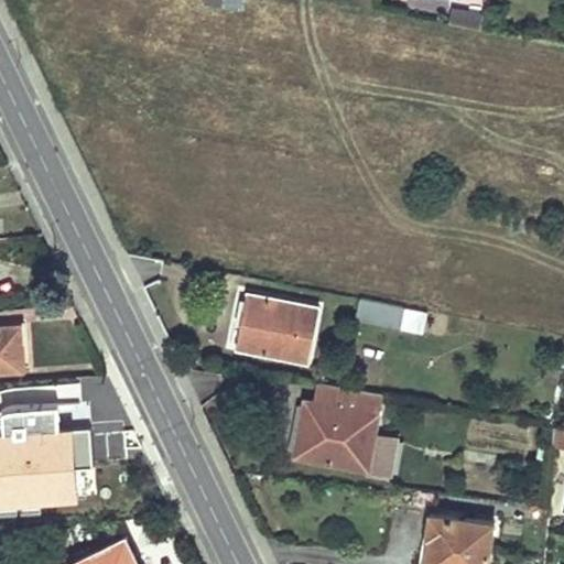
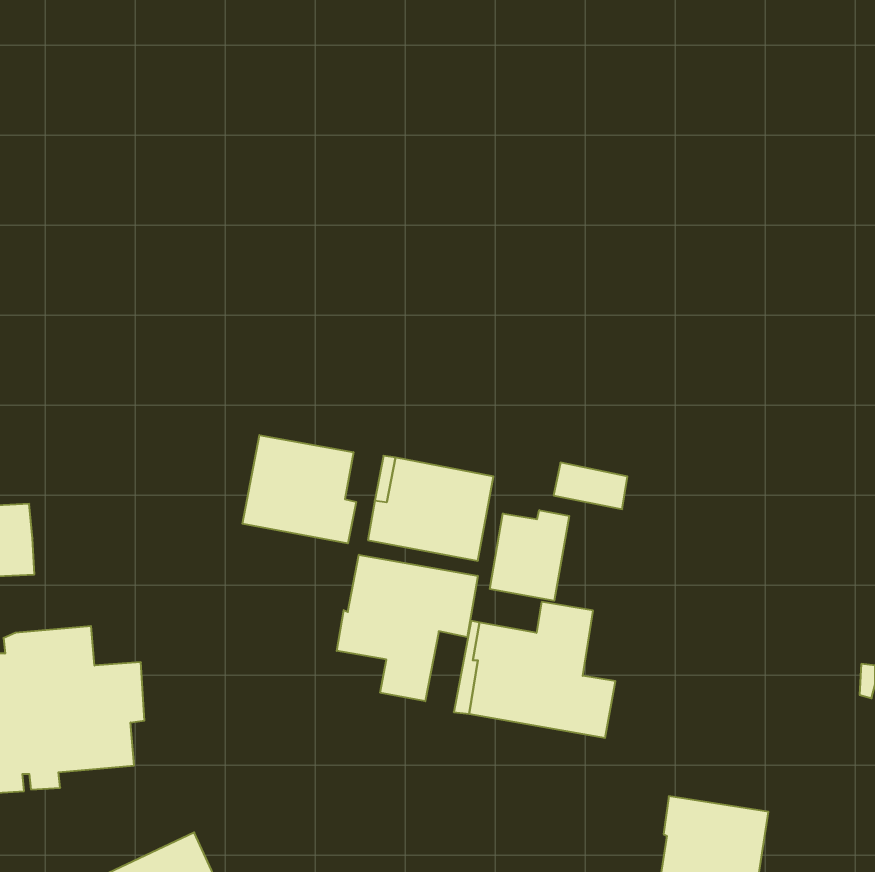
building: none -> [242,435,356,543]
building: none -> [490,510,569,601]
building: none -> [337,555,478,701]

